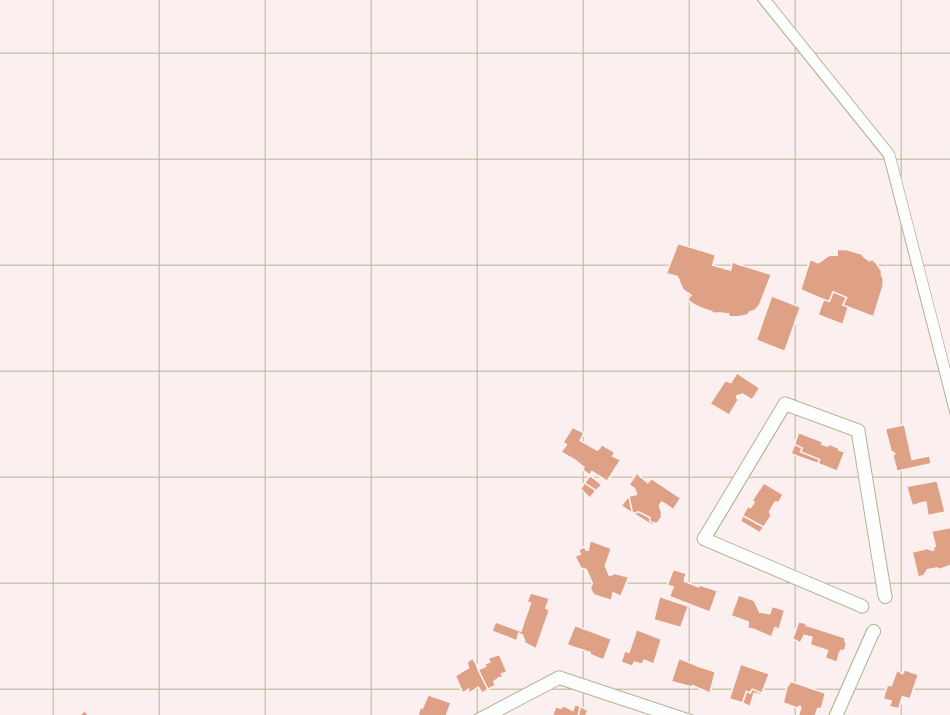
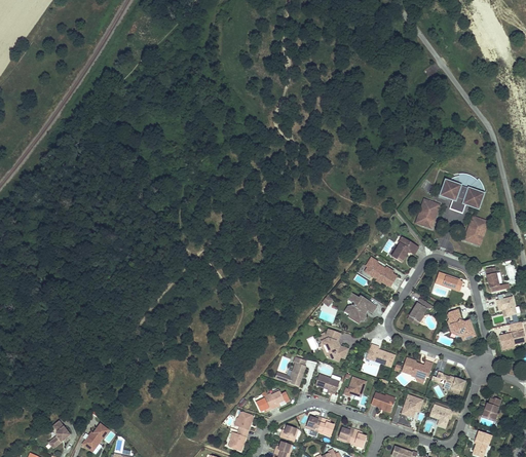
building: [666,244,772,317] -> none
building: none -> [464,216,488,245]
building: [561,427,621,481] -> [365,258,397,287]
building: none -> [448,309,476,340]

